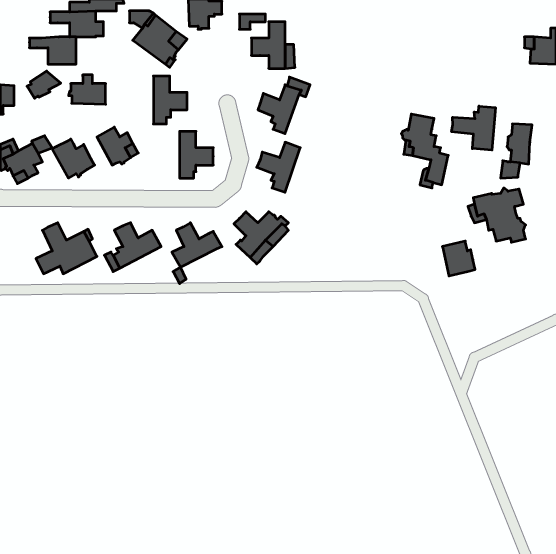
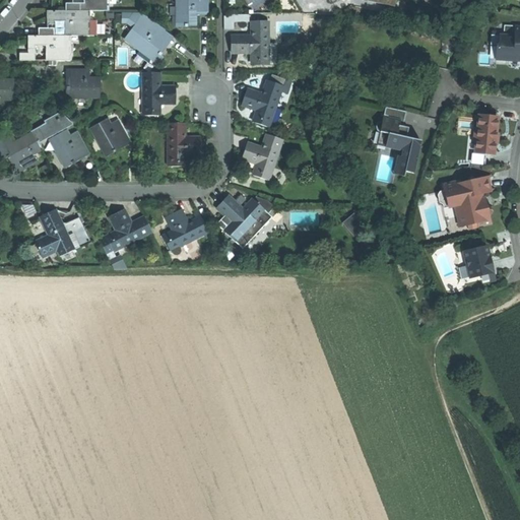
building: [27,71,61,98] -> [42,113,73,138]
building: [452,106,495,150] -> none
building: [442,241,475,276] -> [462,246,493,278]

